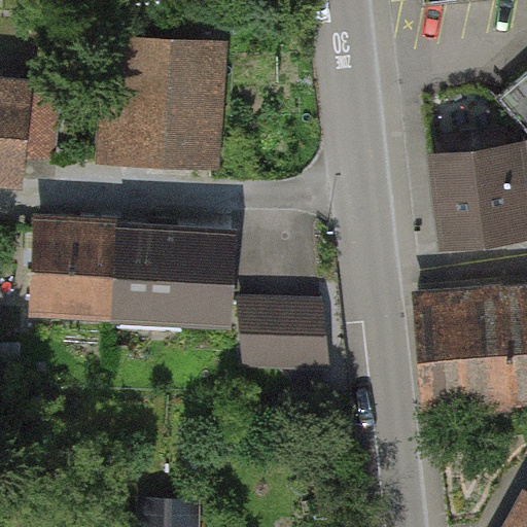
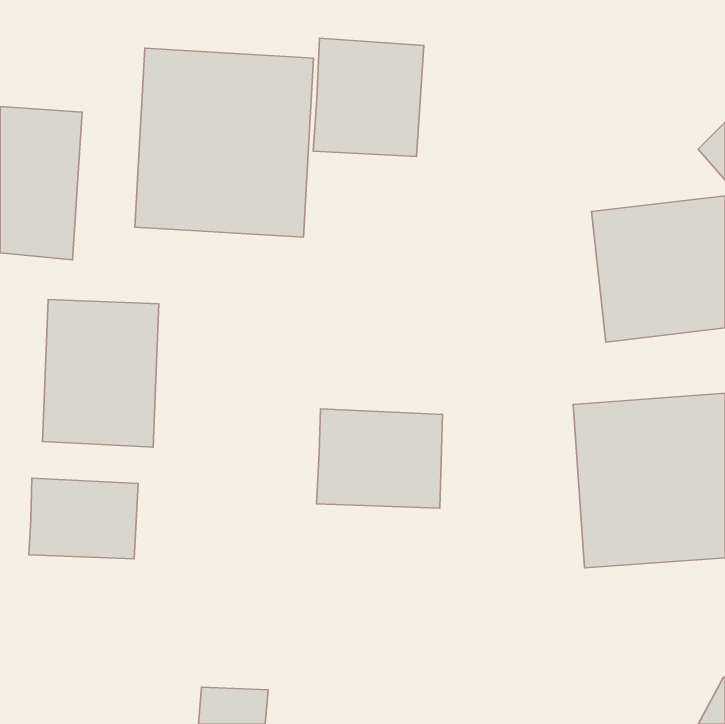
building: none -> [313,38,424,157]
building: [111,220,236,328] -> none
building: none -> [29,478,138,559]

